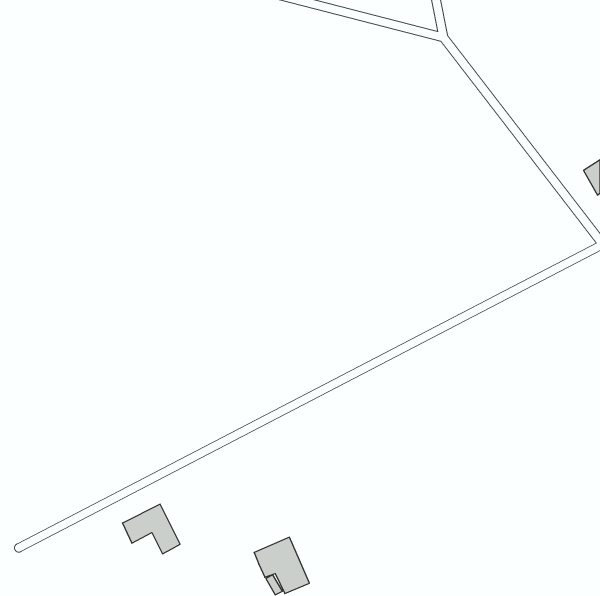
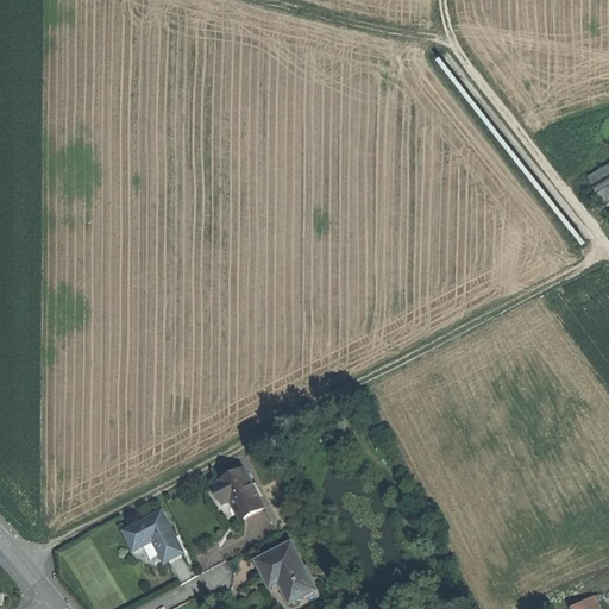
building: none -> [213,467,262,516]

